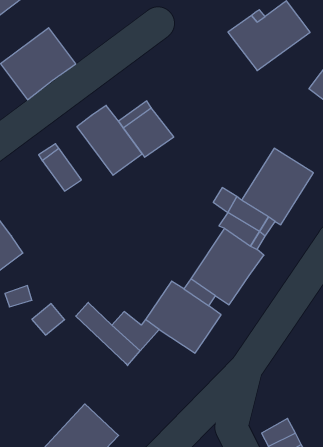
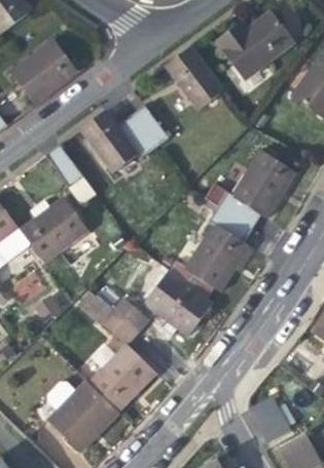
building: none -> [165,44,227,111]
building: none -> [21,197,89,264]
building: none -> [87,345,154,411]

